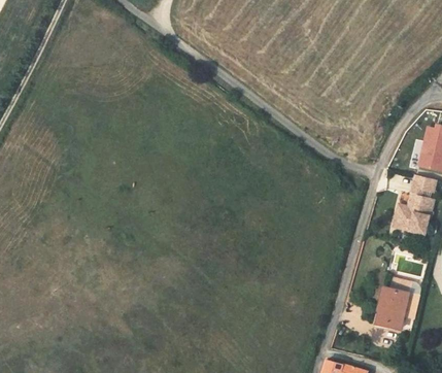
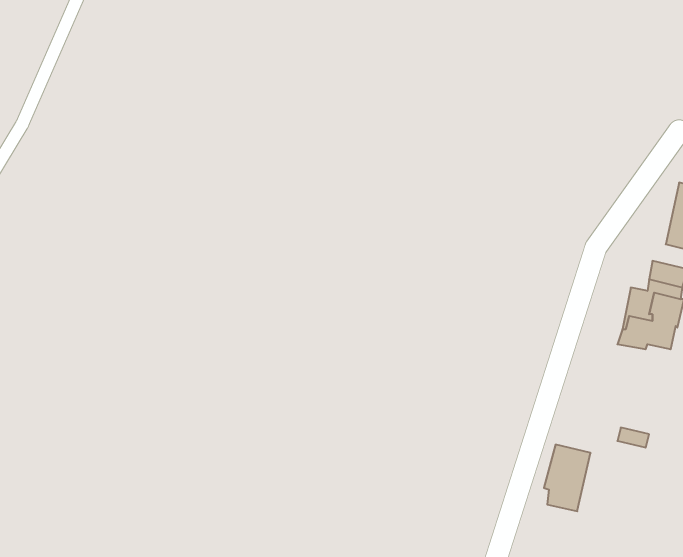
building: [382,287,411,329] -> [544,445,591,511]

